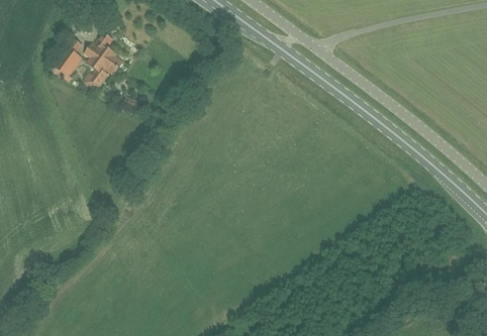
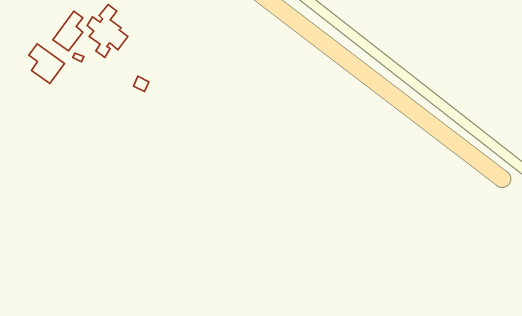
building: none -> [29,44,64,83]

